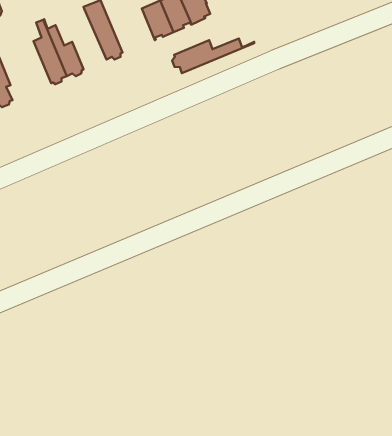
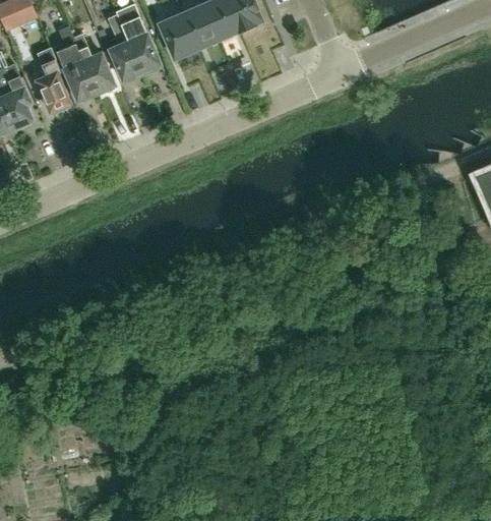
building: none -> [160,14,197,58]
building: none -> [108,15,141,82]
building: none -> [37,49,70,114]
building: [172,38,254,73] -> none

